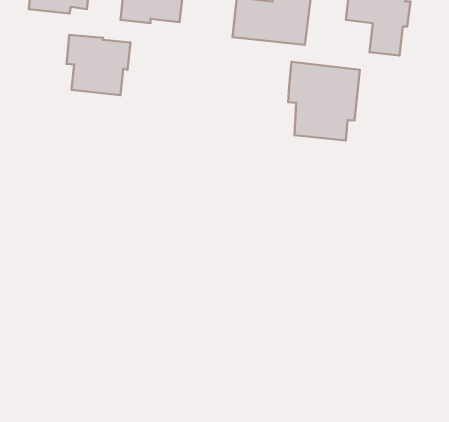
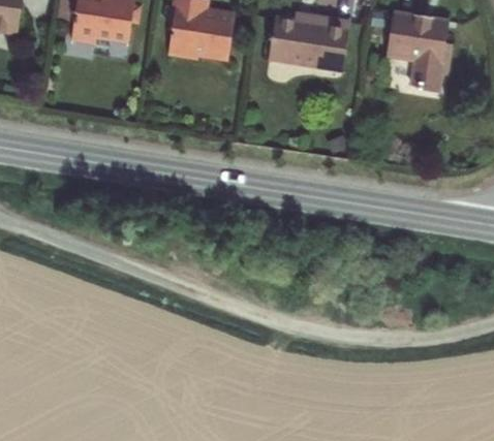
building: [67,35,130,95] -> none
building: [288,62,360,140] -> none

